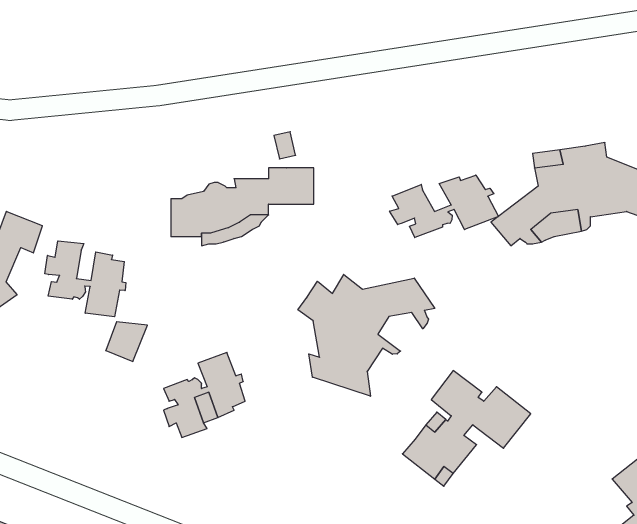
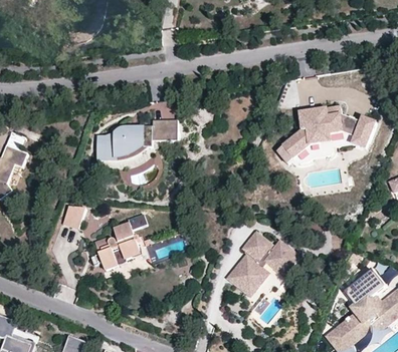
building: [390,175,498,238] -> none
building: [45,241,126,317] -> none
building: [298,274,435,396] -> none

